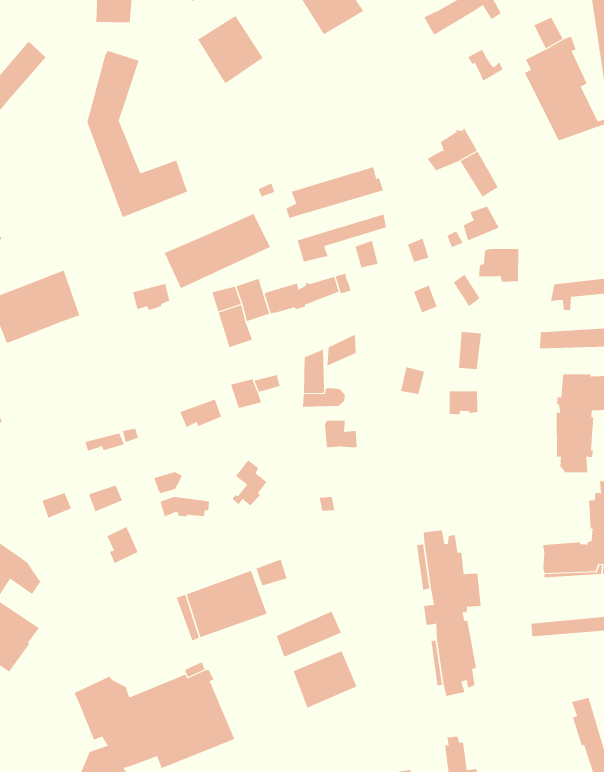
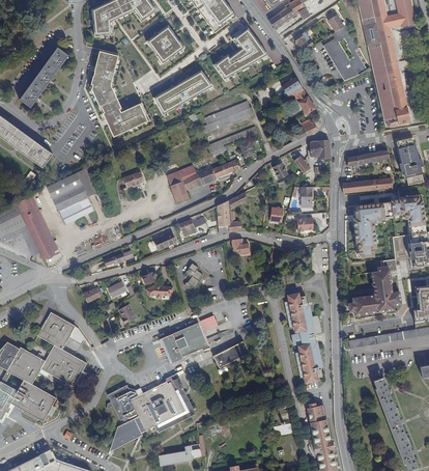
building: none -> [213,31,264,80]
building: [164,213,271,289] -> [155,71,212,114]
building: none -> [59,196,93,223]
building: [293,651,357,708] -> none

